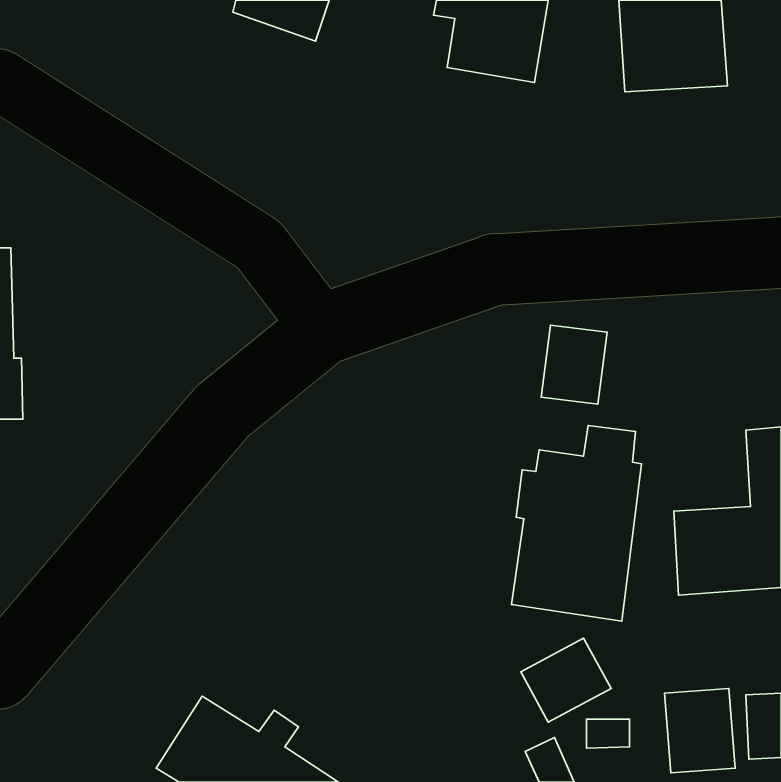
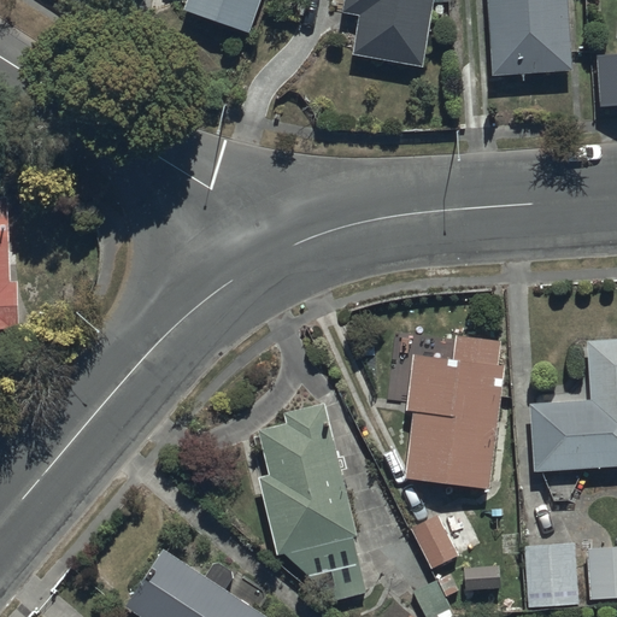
building: [541,325,607,404] -> none
building: none -> [252,401,364,598]

